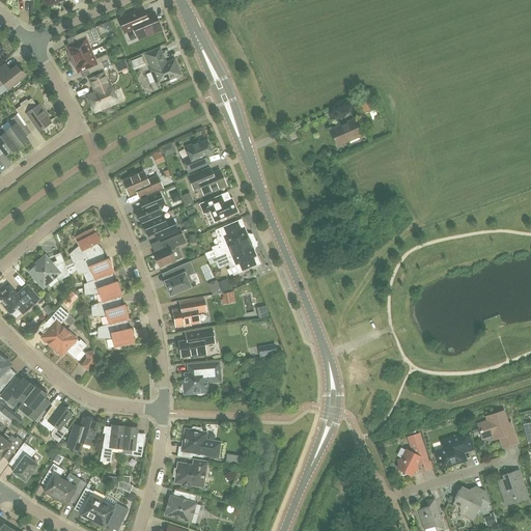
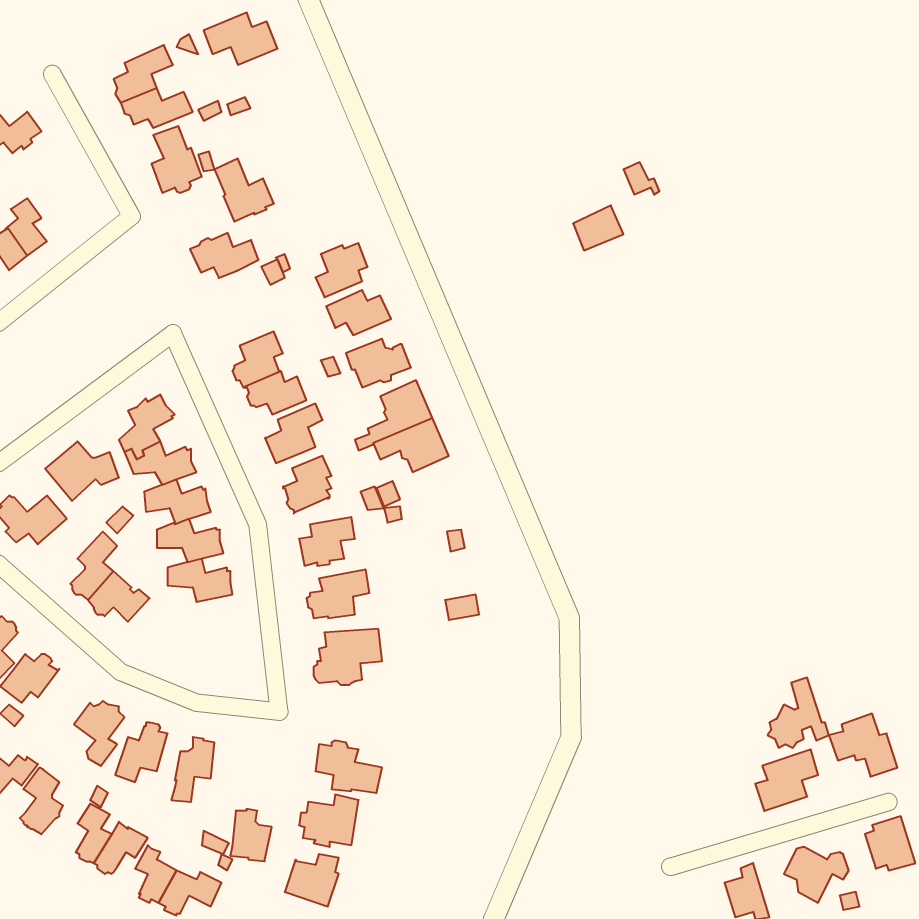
building: [145,48,179,84] -> [214,159,274,222]
building: [15,97,50,131] -> none
building: [121,171,161,197] -> [190,233,258,278]
building: [18,385,49,420] -> none
building: [120,426,144,456] -> [230,809,272,861]
building: [396,434,431,474] -> [768,678,829,748]

